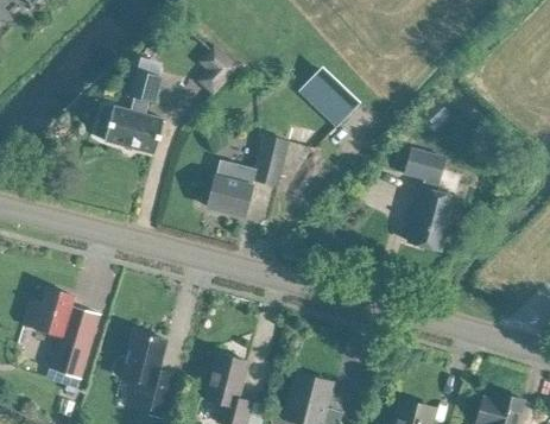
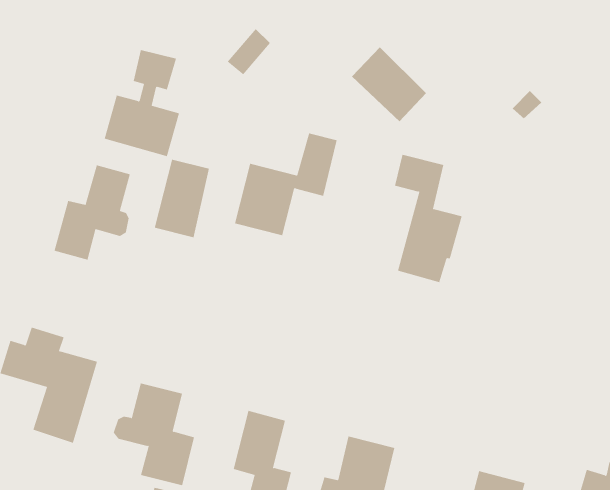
building: [405,148,459,249] -> [394,154,462,283]
building: none -> [154,159,210,238]
building: none -> [54,164,130,260]

